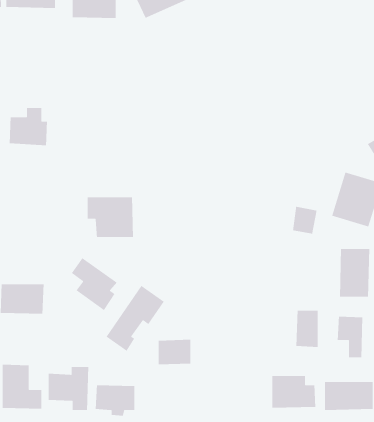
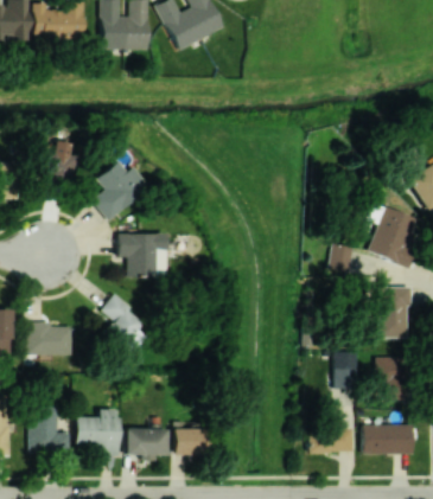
building: none -> [93,161,151,220]
building: [106,285,165,352] -> none
building: [158,339,191,365] -> [174,427,209,454]

